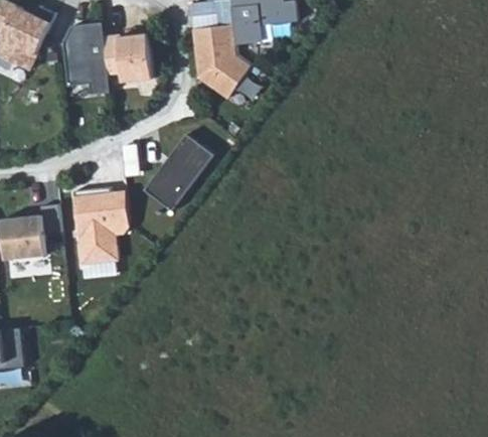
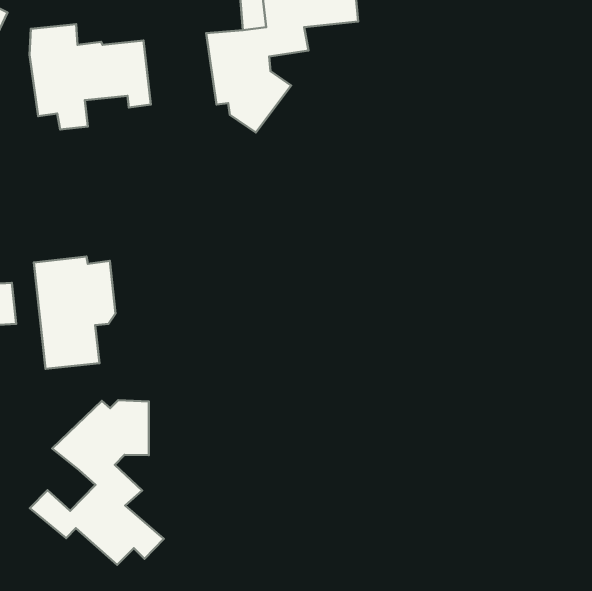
building: [147,133,217,211] -> none
building: none -> [30,400,164,565]

